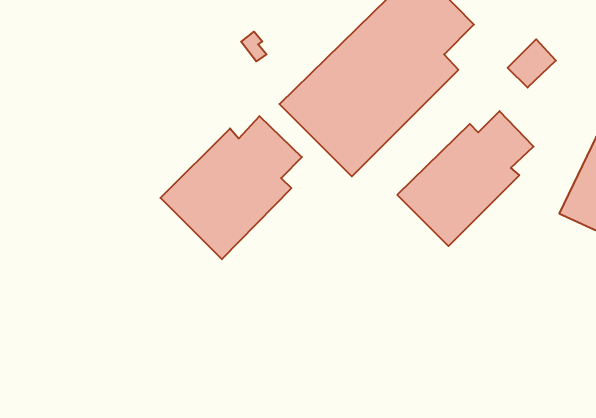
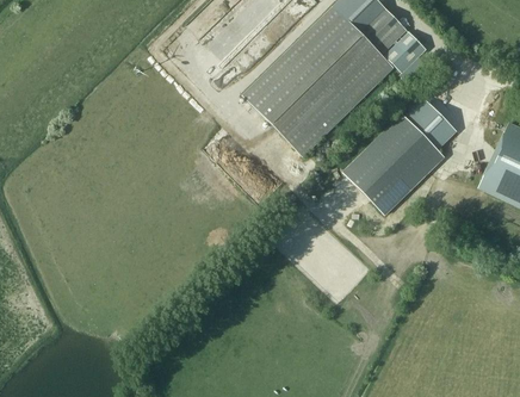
building: [508,39,556,88] -> [385,30,426,70]
building: [160,116,302,259] -> none

